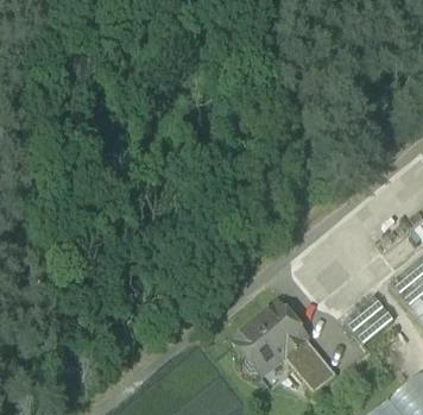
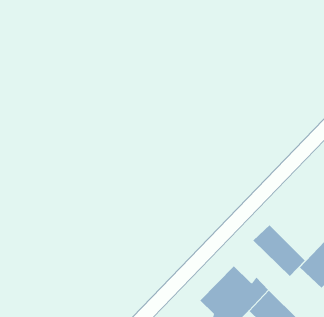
building: none -> [253,225,306,277]

